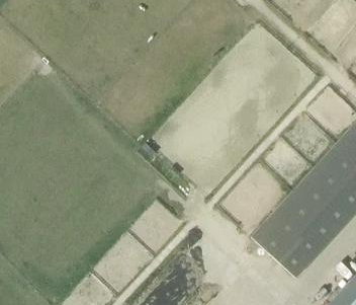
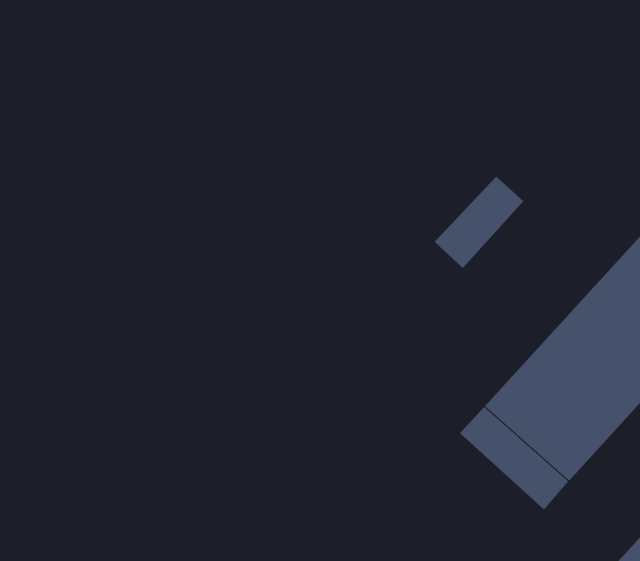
building: none -> [434,176,524,269]

